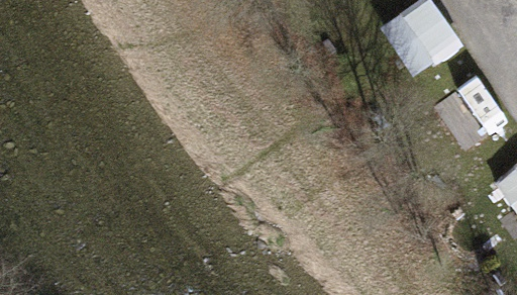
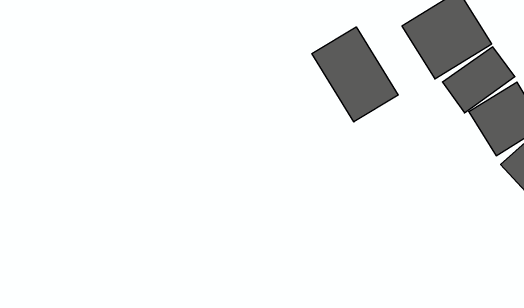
building: none -> [312,27,398,122]

